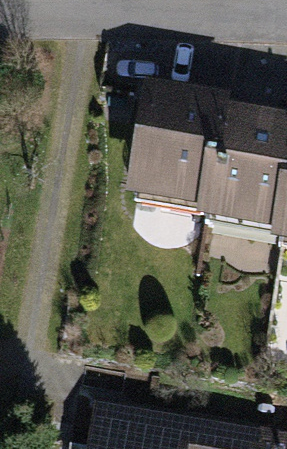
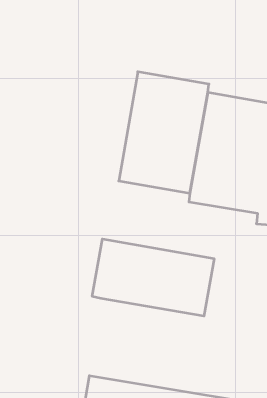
building: none -> [92,239,214,316]

